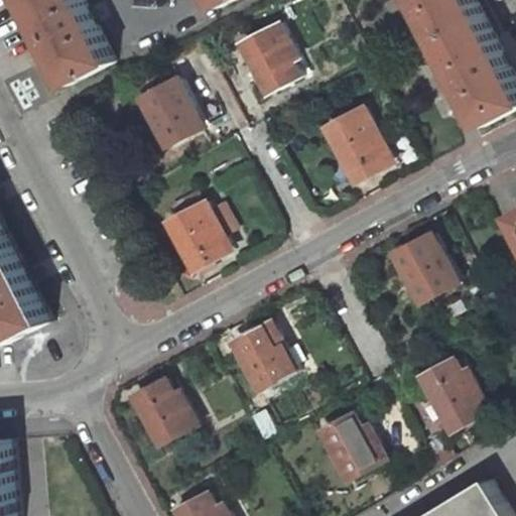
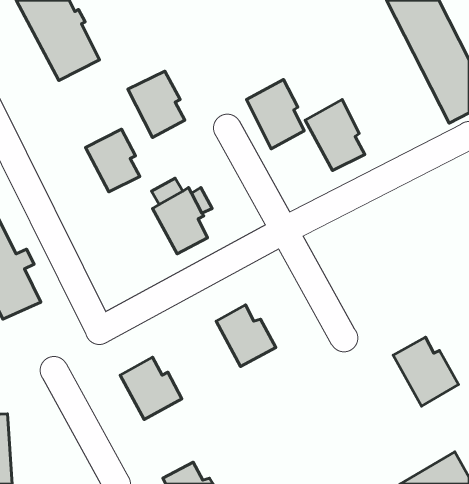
building: [237,22,298,96] -> [247,80,304,149]
building: none -> [86,129,140,192]
building: [391,235,457,302] -> none
building: [318,412,384,480] -> none

